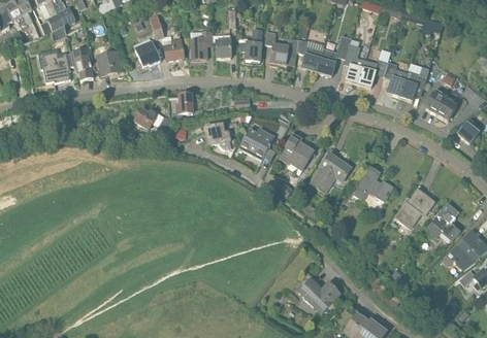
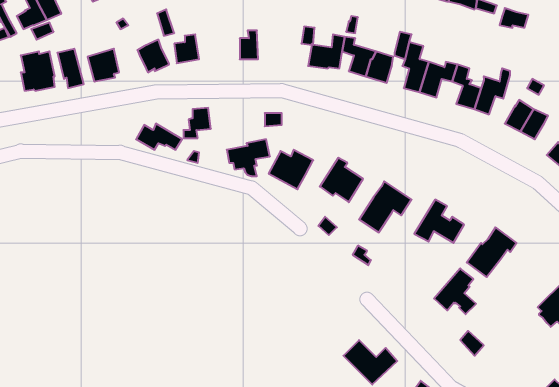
building: [190,25,213,59] -> none
building: [238,29,261,60] -> none
building: [426,203,459,239] -> [434,268,476,314]

